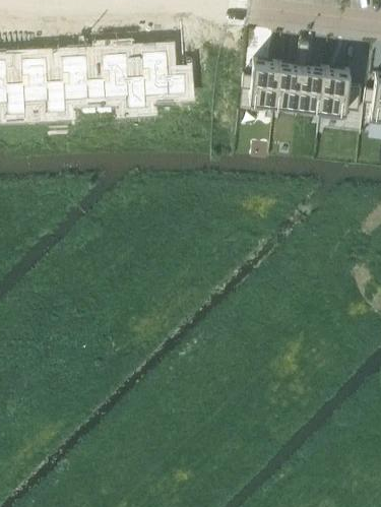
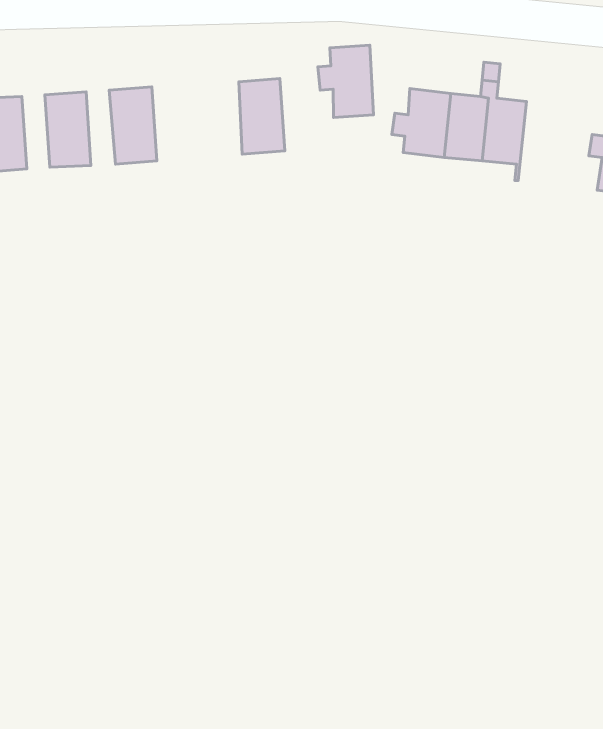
building: none -> [318,45,374,118]
building: [109,55,137,103] -> none
building: [321,67,362,119] -> none

